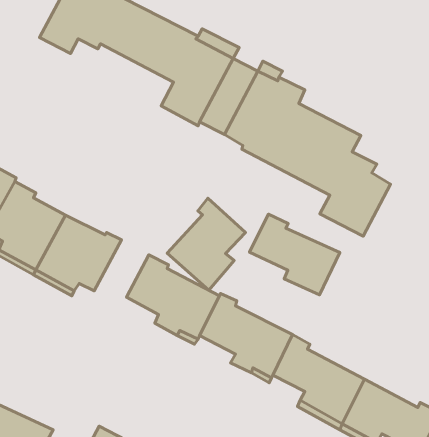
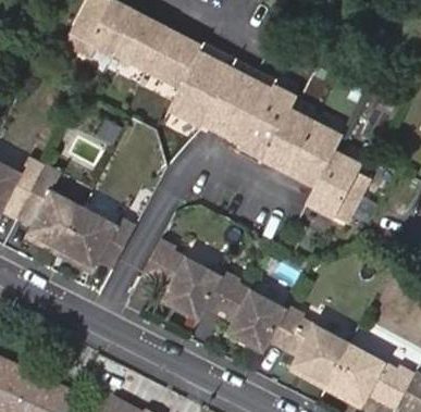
building: [167,198,246,290] -> none
building: [250,214,340,295] -> none

